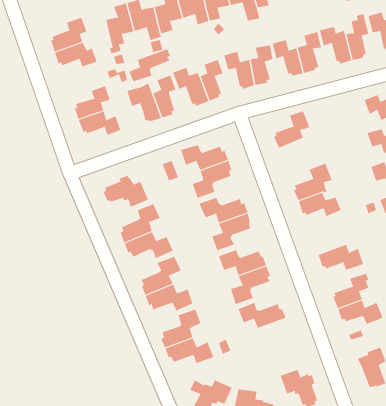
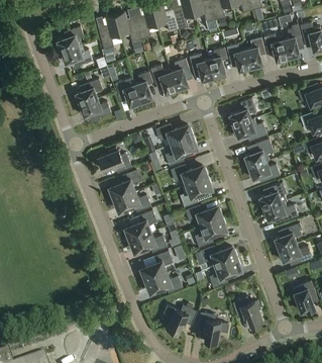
building: [129,48,171,82] -> none
building: none -> [232,117,267,139]
building: none -> [258,181,287,208]
building: none -> [210,257,241,287]

